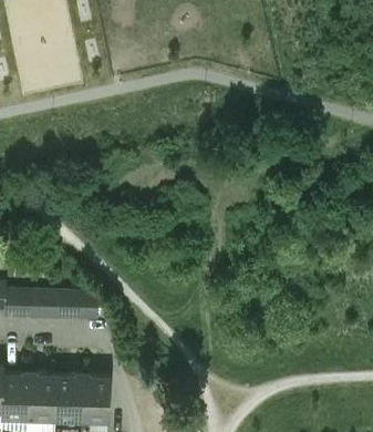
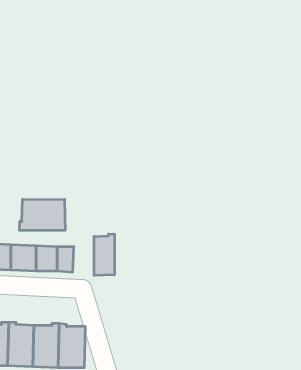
building: none -> [20,199,65,230]
building: none -> [94,234,114,275]

